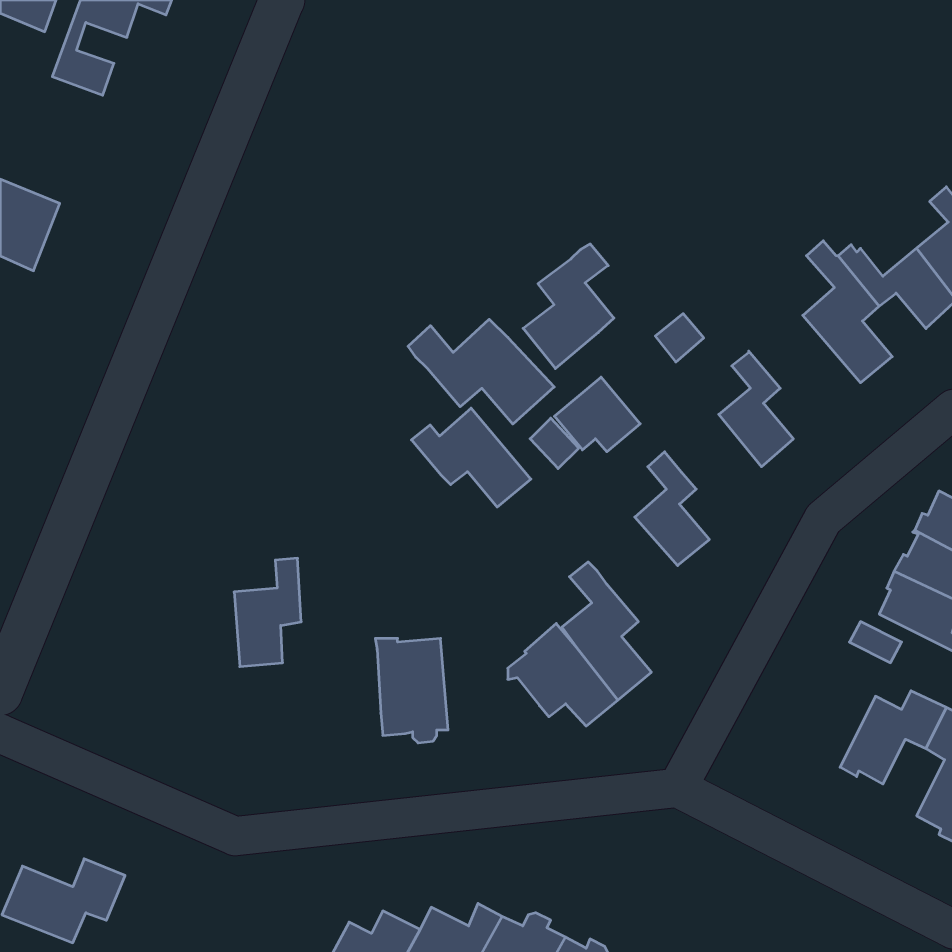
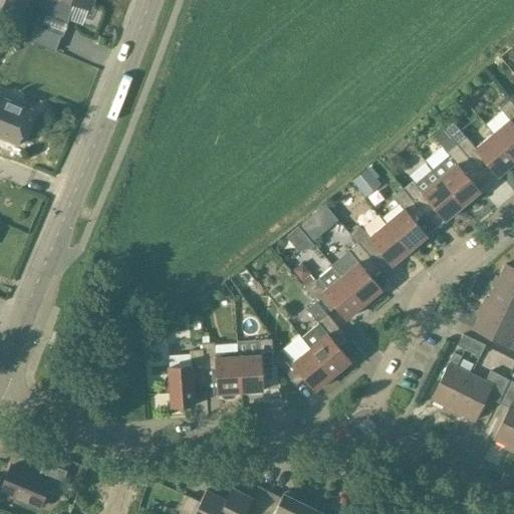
building: [523,244,614,369] -> none
building: none -> [397,171,464,222]
building: [408,319,554,424] -> none
building: [411,408,531,507] -> [301,267,365,320]
building: none -> [350,224,411,267]
building: [234,558,301,667] -> [170,350,206,409]
building: none -> [239,340,275,394]
building: none -> [432,354,472,414]

